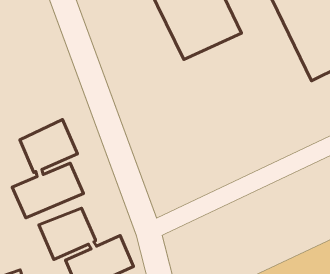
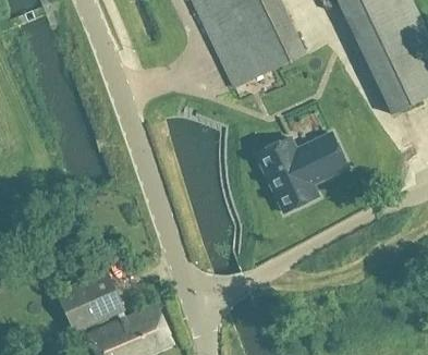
building: none -> [256,133,347,211]
building: [12,120,84,218] -> none

